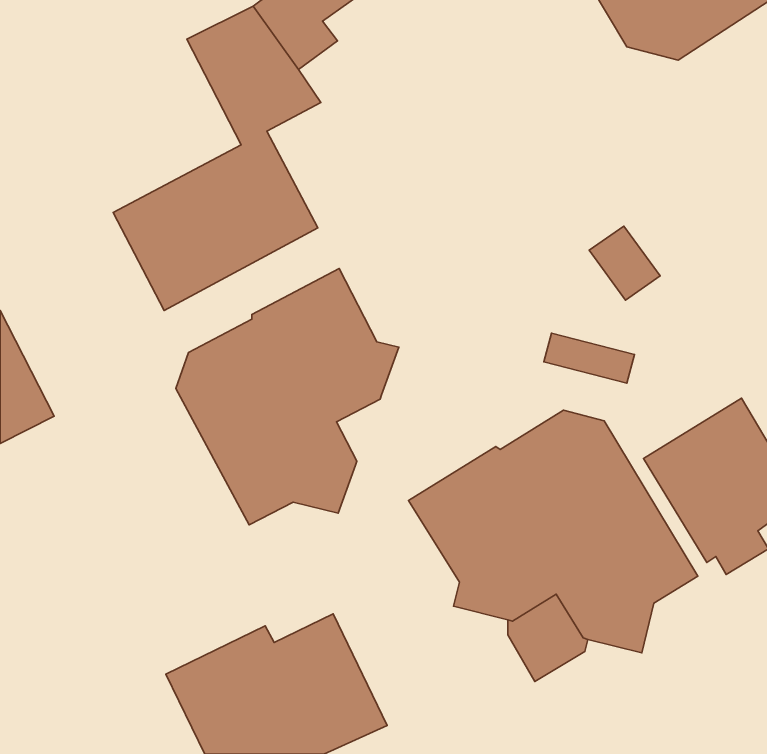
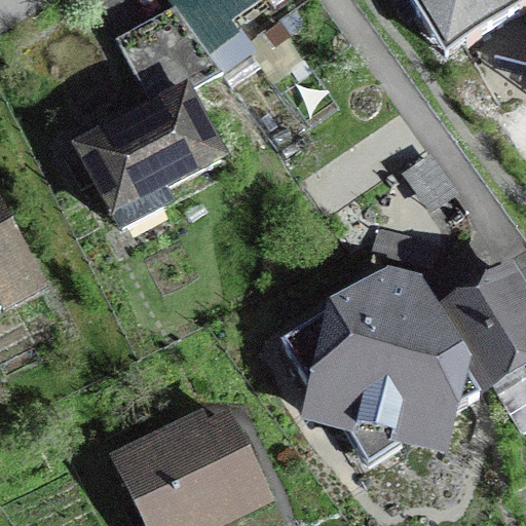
building: [176,269,399,525] -> none

